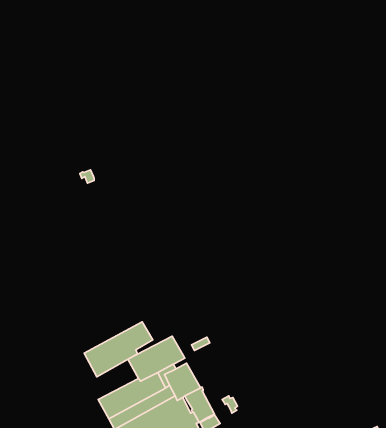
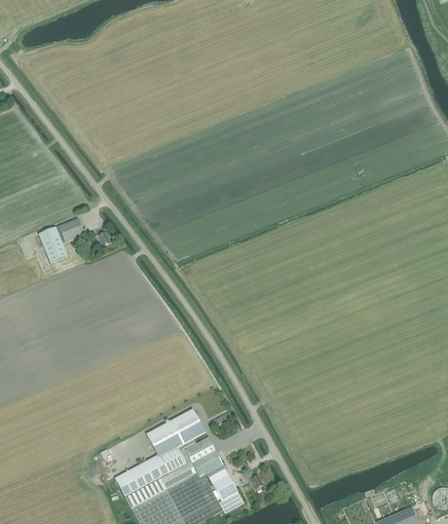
building: none -> [39,219,85,264]
building: [84,322,153,377] -> none

